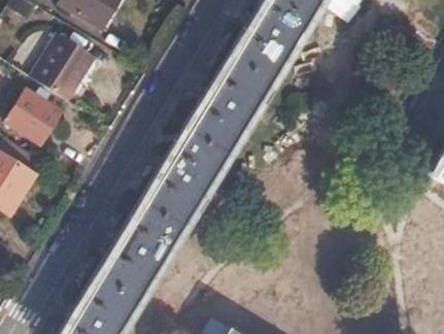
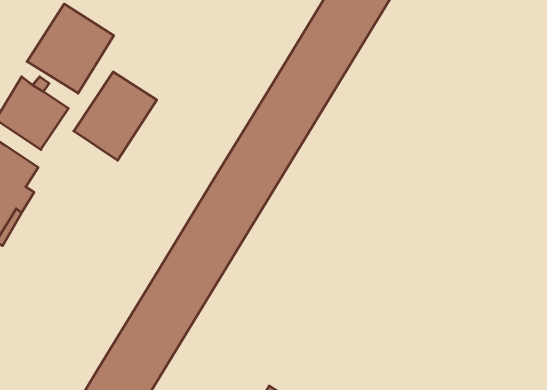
building: none -> [74,72,157,160]

